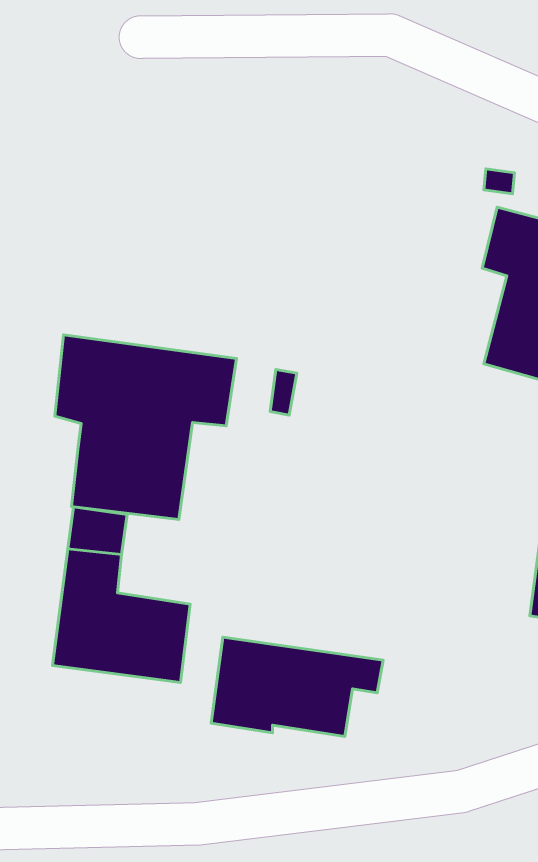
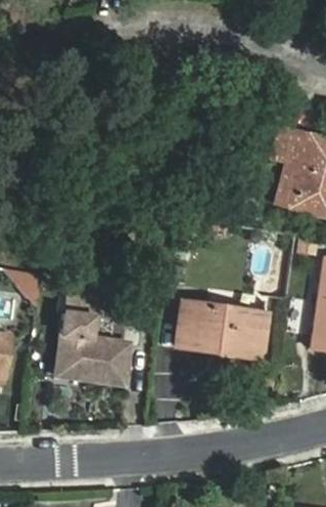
building: [55,335,236,520] -> none
building: [211,637,383,737] -> [177,301,269,354]

